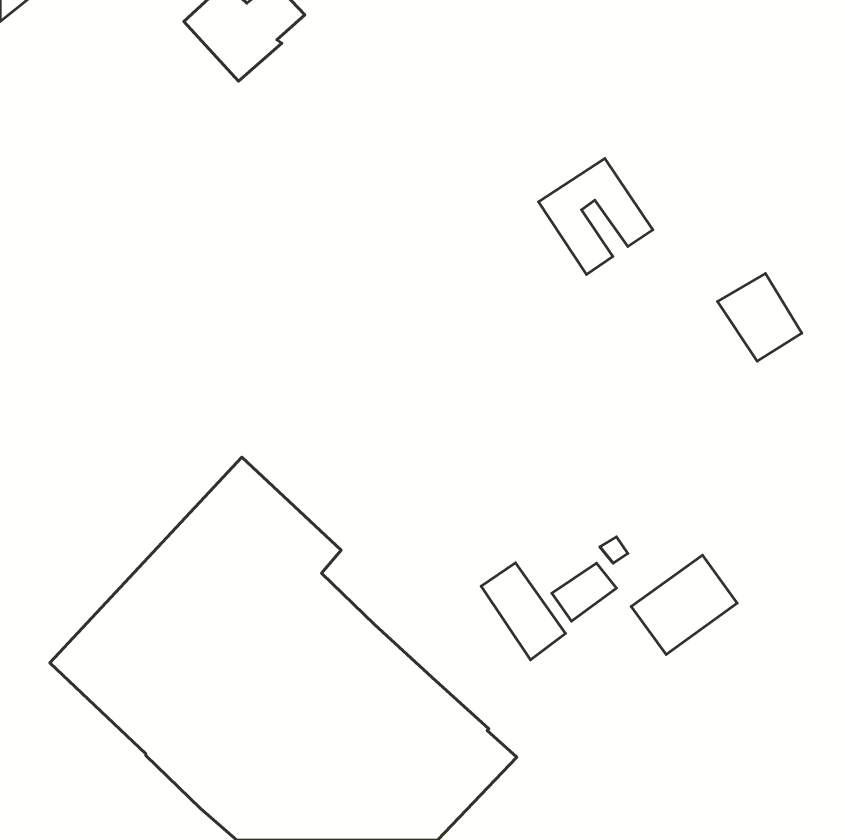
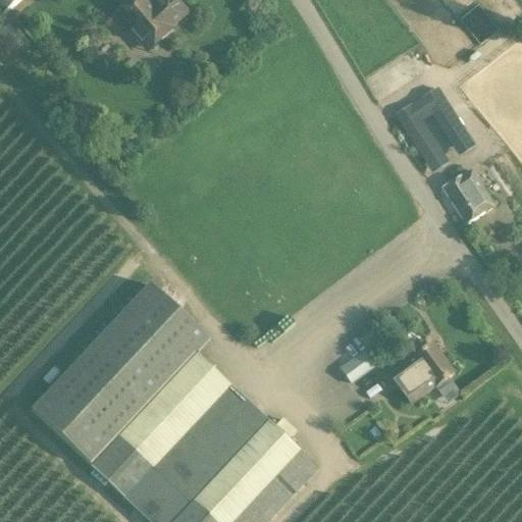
building: [538,159,653,275] -> [397,89,467,160]
building: [481,563,565,660] -> none

